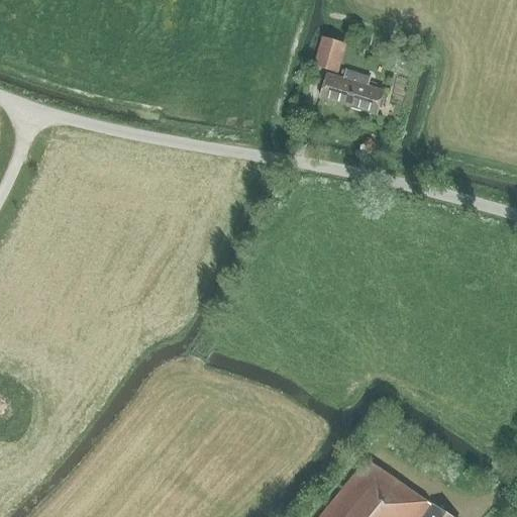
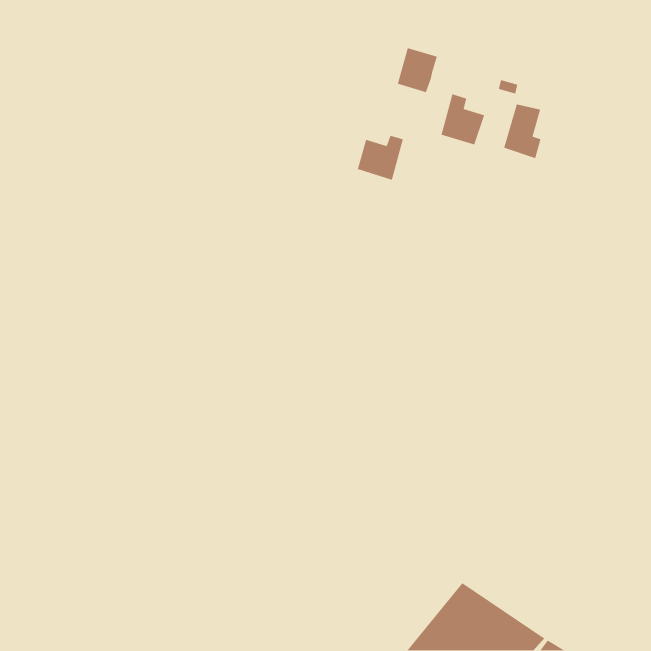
building: [321,71,358,107] -> [357,135,404,181]
building: none -> [503,103,542,159]

